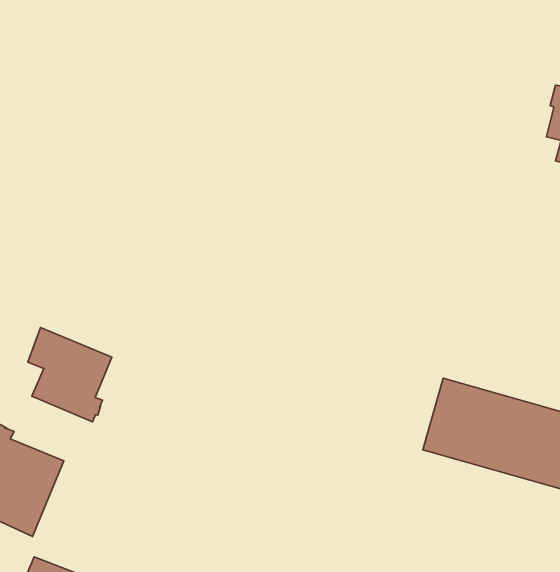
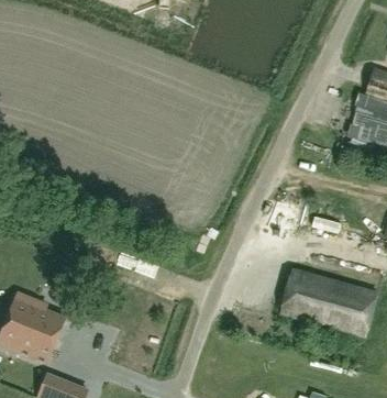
building: [28,327,112,422] -> none

